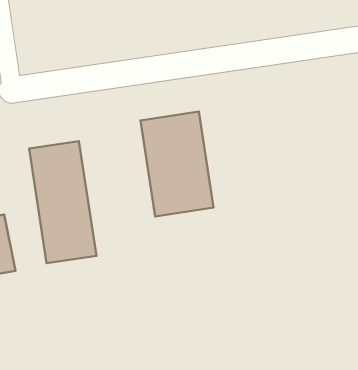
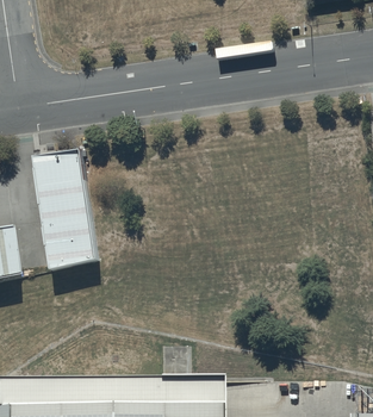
building: [141,112,214,216] -> none

